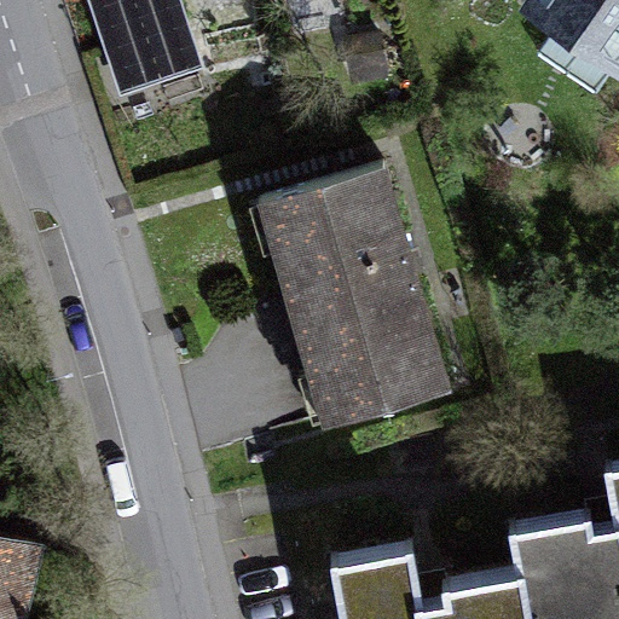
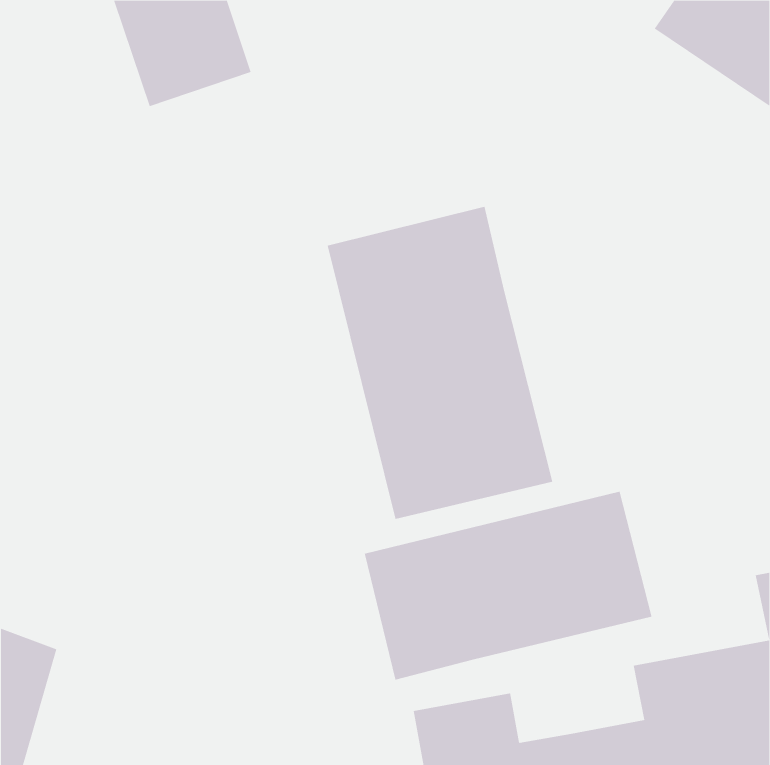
building: none -> [364,491,652,680]

